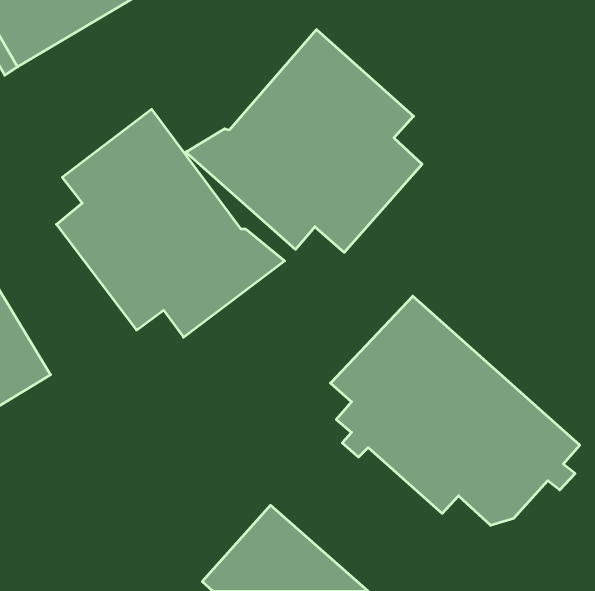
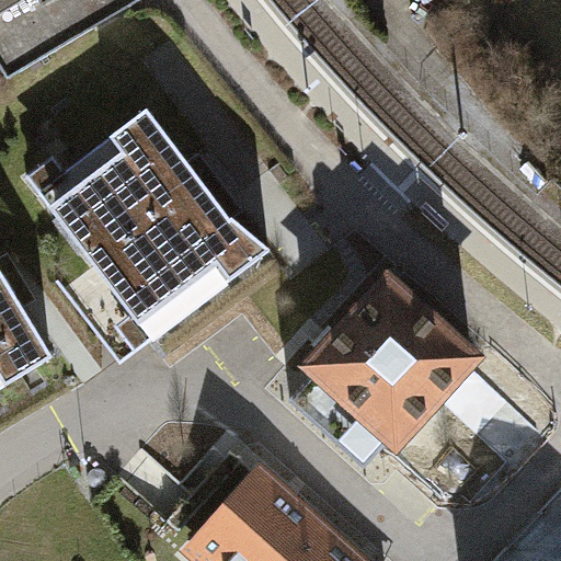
building: [186,30,422,252] -> none

